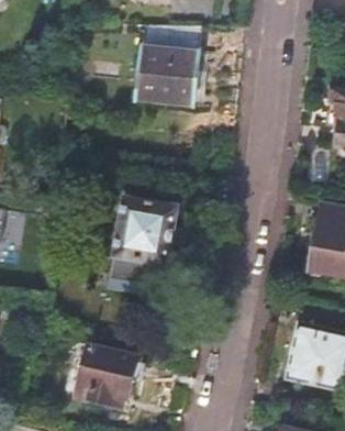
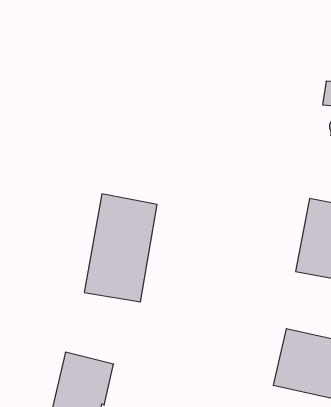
building: [135,26,202,106] -> none

